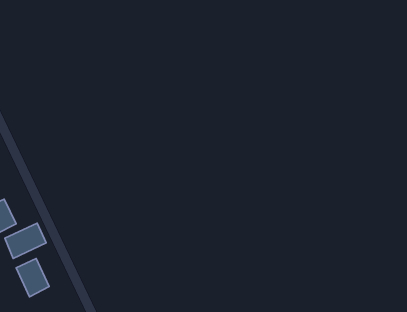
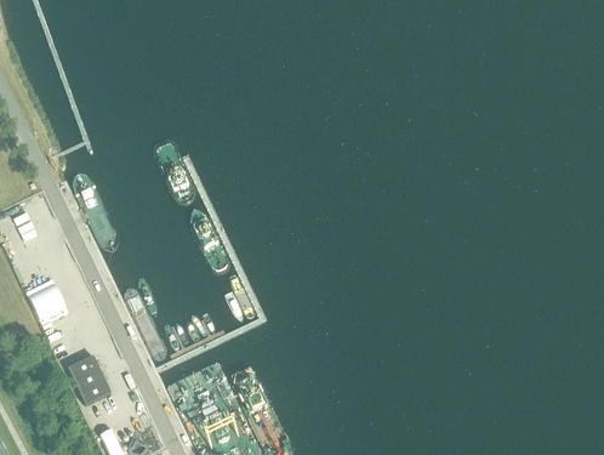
building: [5,223,46,259] -> none

